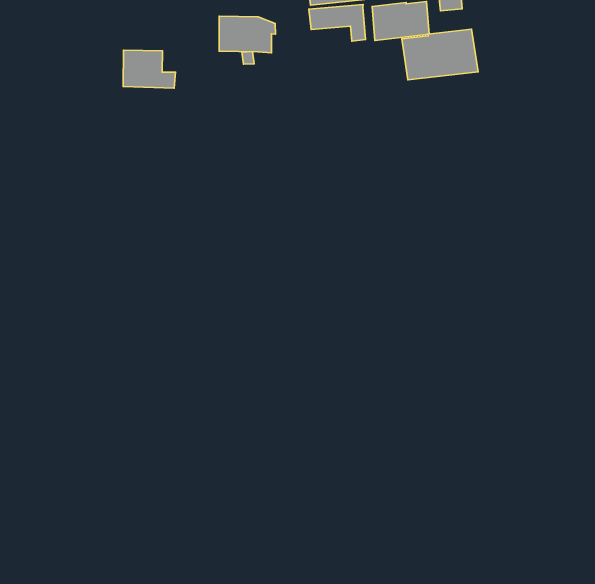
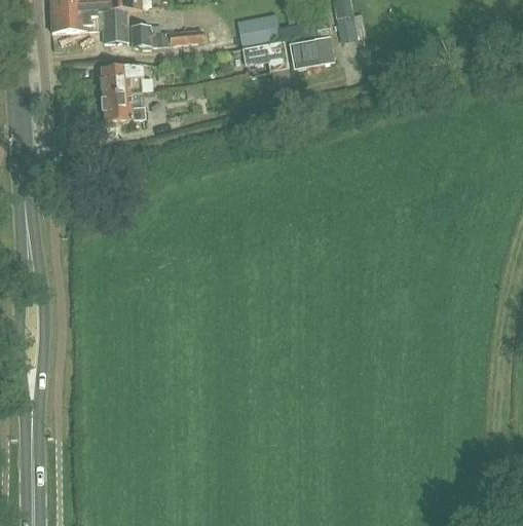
building: [219,16,276,53] -> [100,64,144,92]
building: [402,29,478,80] -> none

